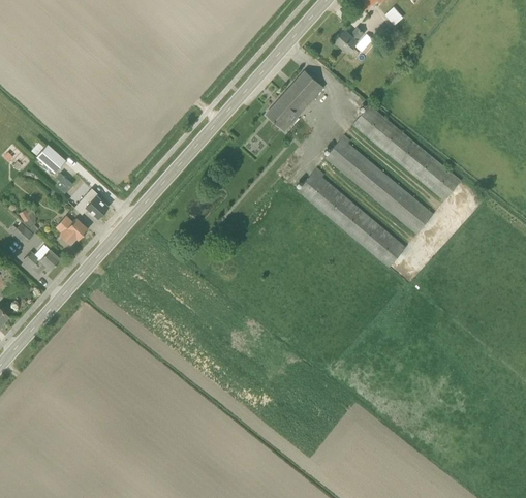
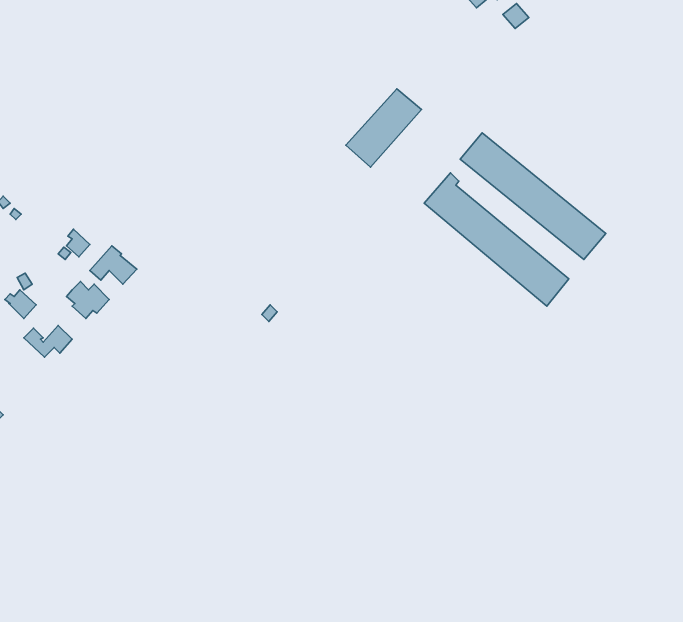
building: [334,28,363,59] -> none
building: [36,144,66,173] -> none
building: [298,168,405,267] -> none

